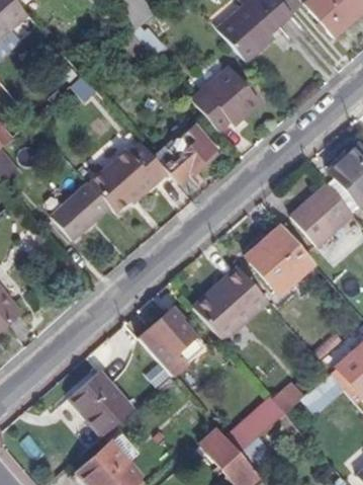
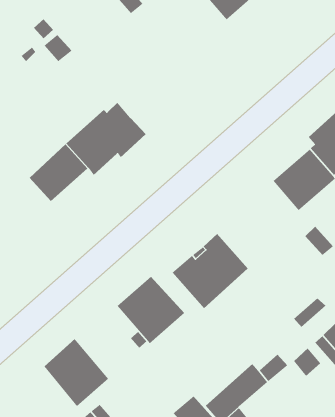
building: [191,65,261,130] -> none
building: [153,125,215,183] -> none
building: [246,225,315,294] -> none

